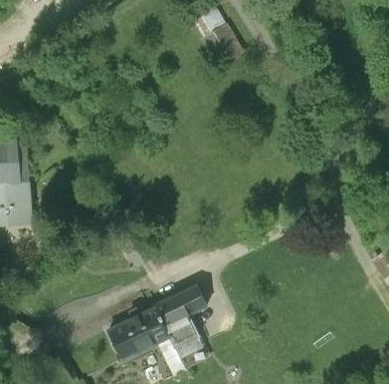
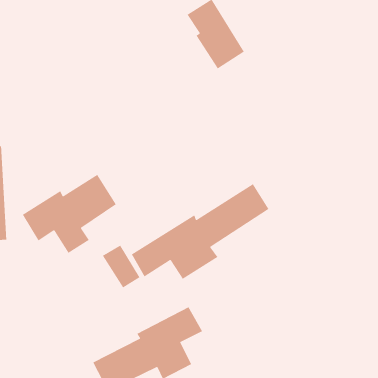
building: none -> [22,174,117,254]
building: none -> [131,183,270,280]

